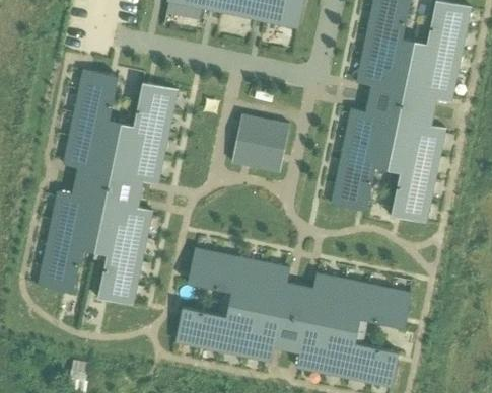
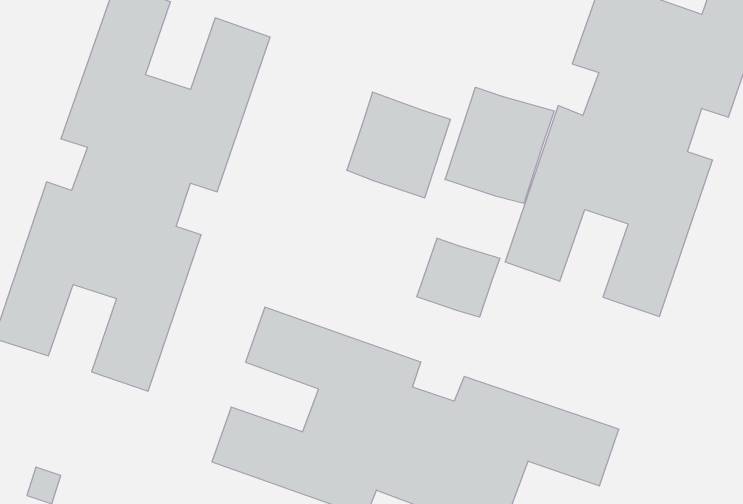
building: none -> [445,87,554,203]
building: none -> [417,238,500,317]

